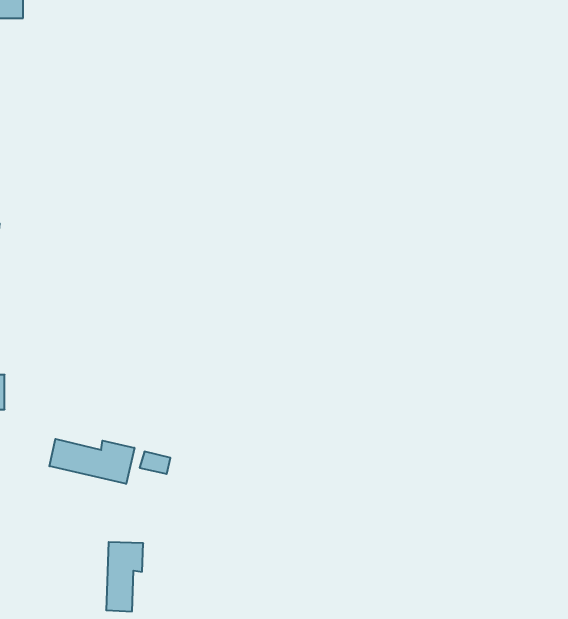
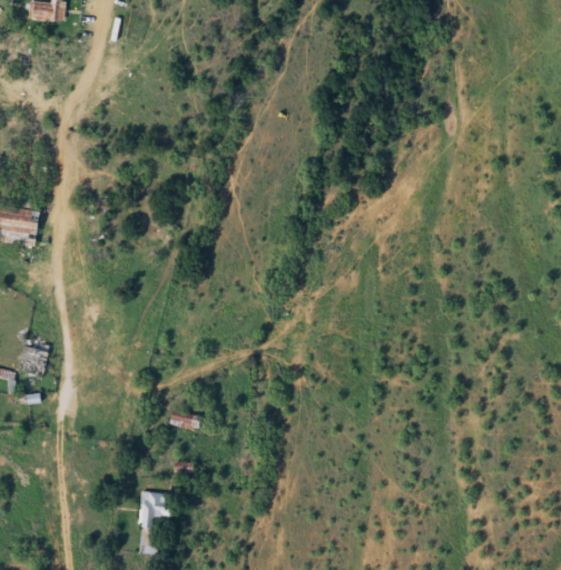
building: [49,439,134,484] -> none

